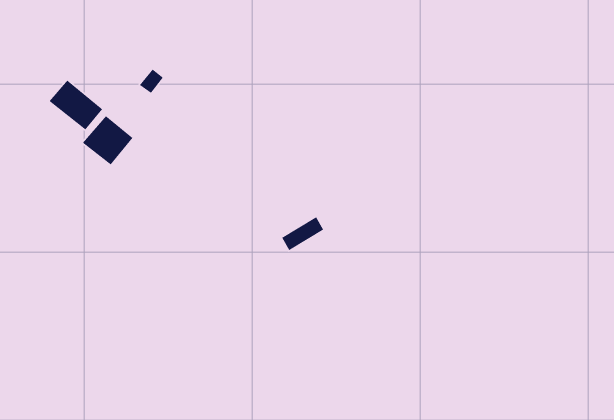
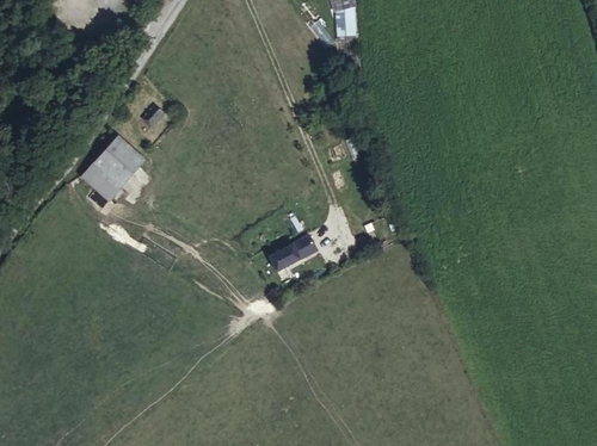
building: [48,80,103,130] -> none

